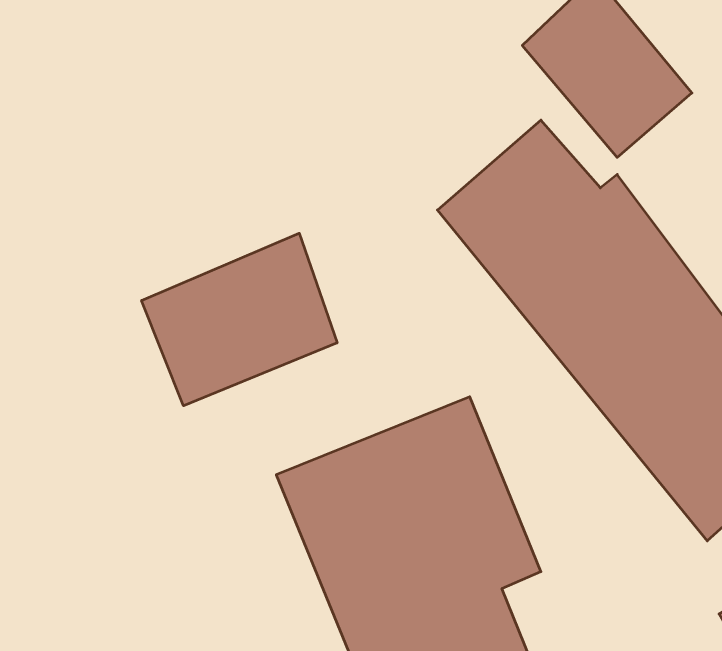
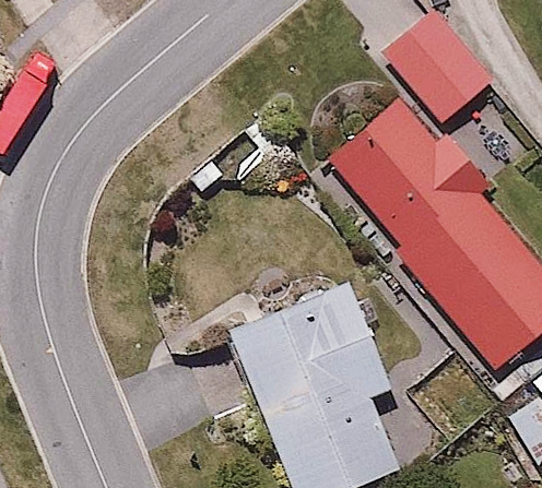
building: [142,233,337,406] -> none

